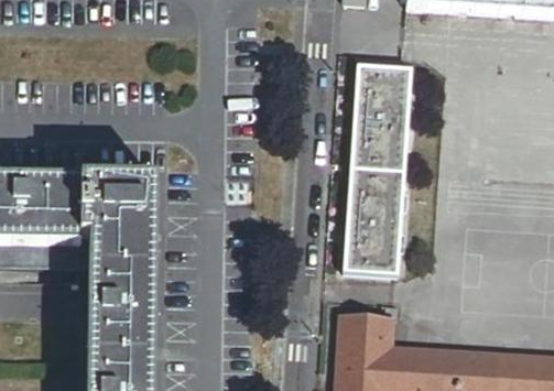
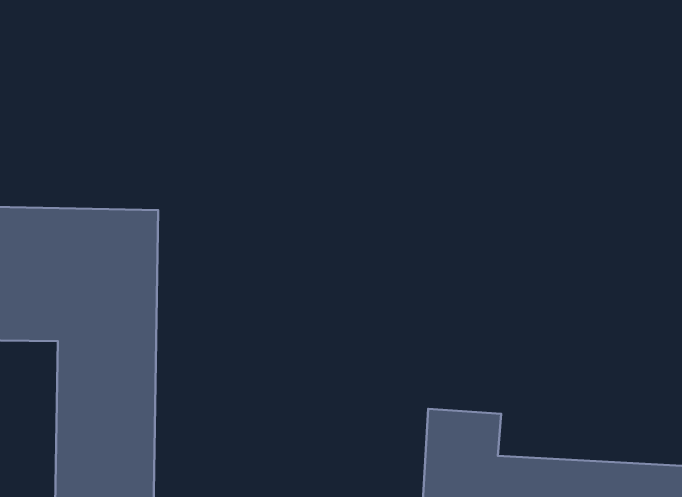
building: [344,67,410,275] -> none

